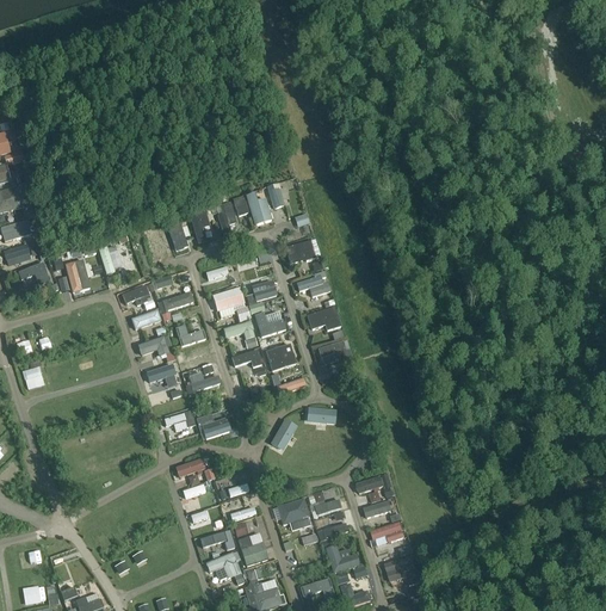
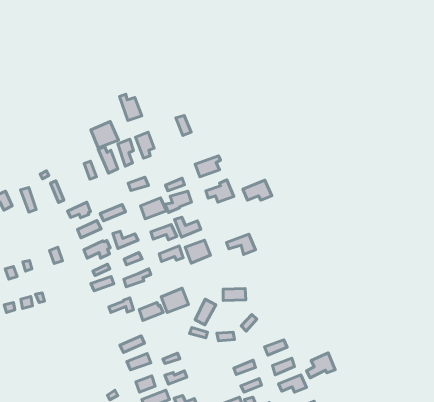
building: none -> [91,121,118,148]
building: [245,192,271,226] -> [119,94,142,121]
building: [305,304,341,329] -> [243,180,272,200]
building: none -> [161,288,189,312]
building: none -> [306,353,335,378]
building: [278,496,310,524] -> none

